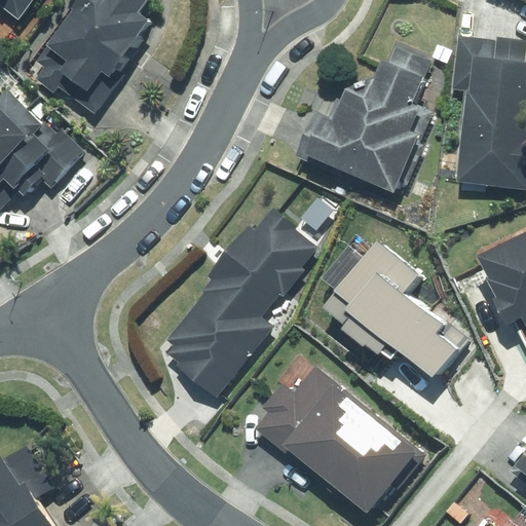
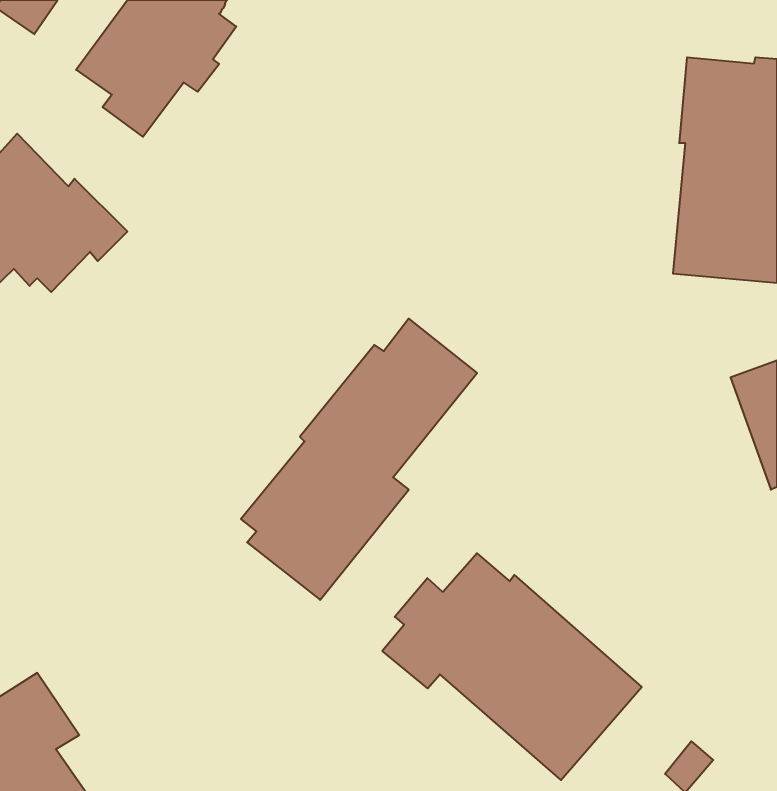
building: [310,41,436,191] -> none
building: [324,240,468,376] -> none

